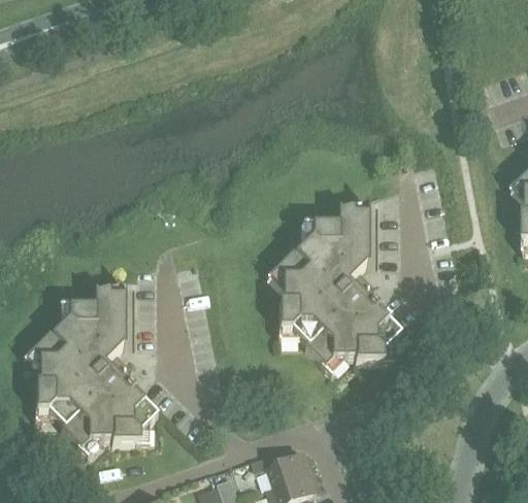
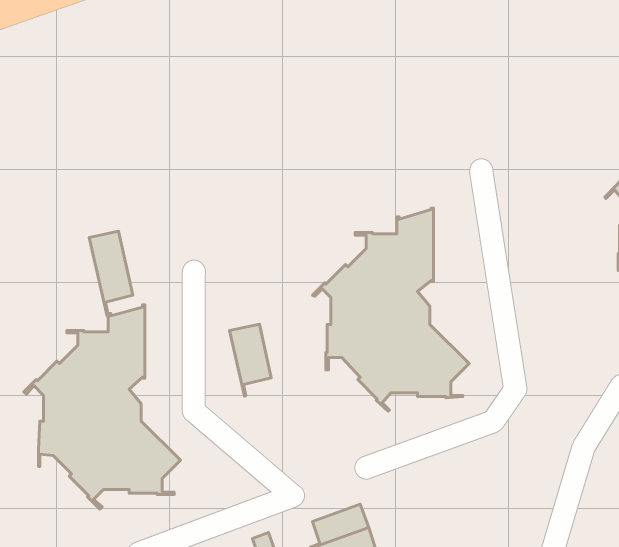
building: none -> [89,231,133,316]
building: none -> [230,324,271,396]

